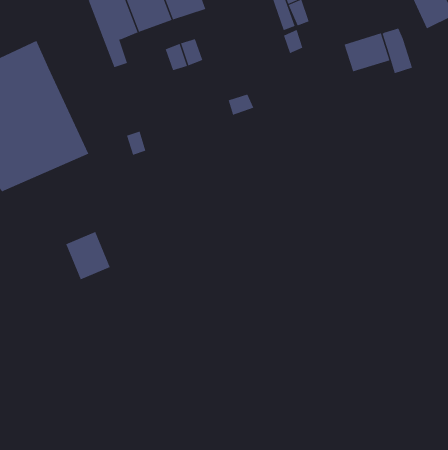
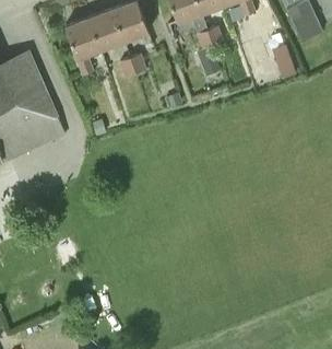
building: [344,33,390,72] -> none
building: [65,231,111,280] -> none

